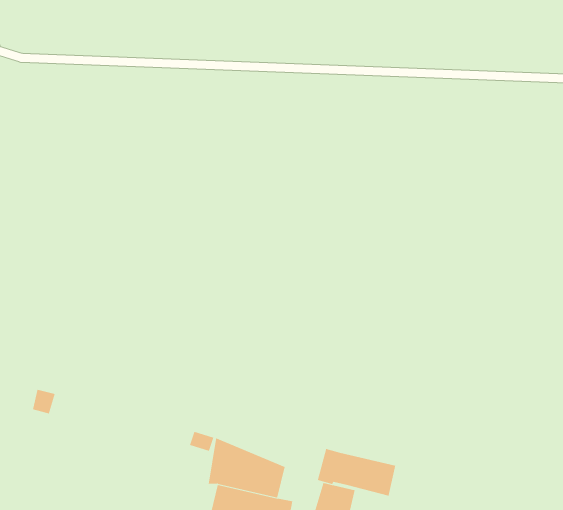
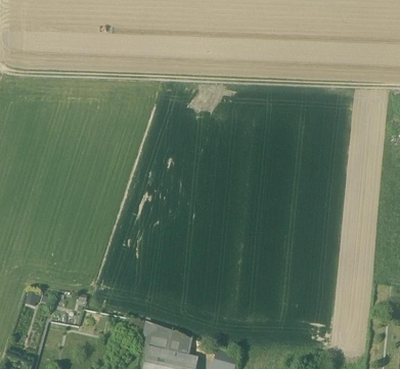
building: [317,448,396,497] -> none

